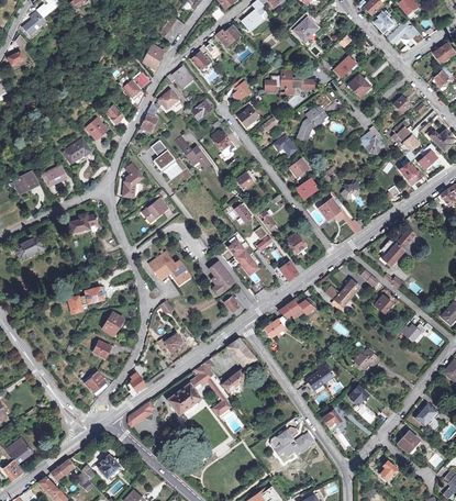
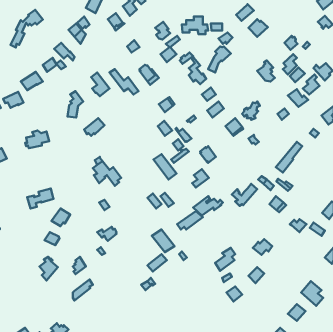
building: [140,88,180,135] -> [10,10,43,47]
building: [210,259,235,293] -> none
building: [168,361,214,413] -> none
building: [271,426,313,460] -> none

